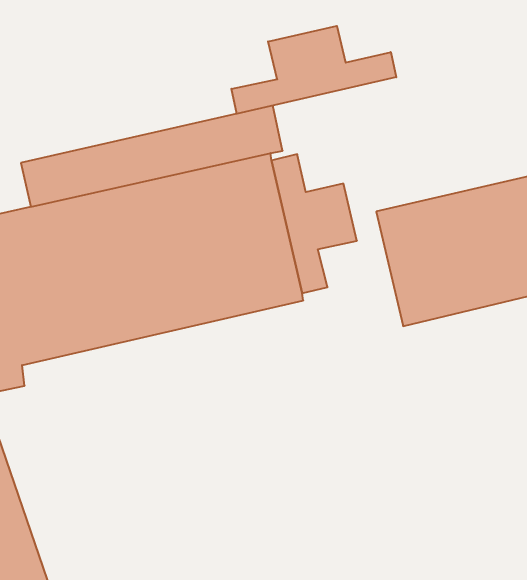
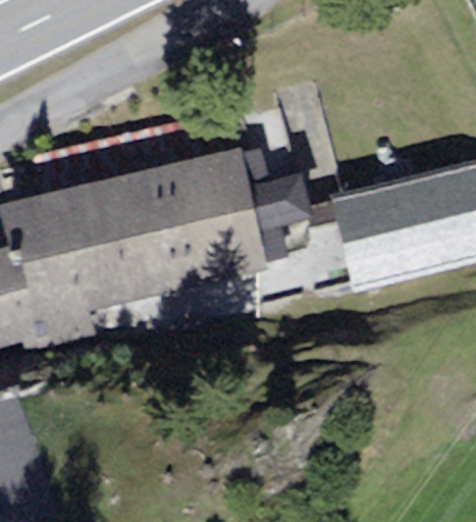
building: [231,26,396,114] -> none

